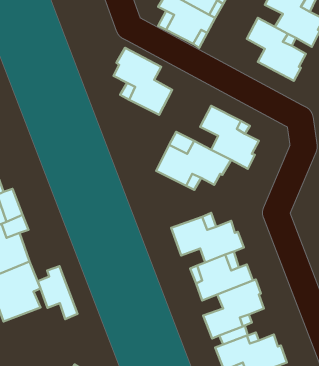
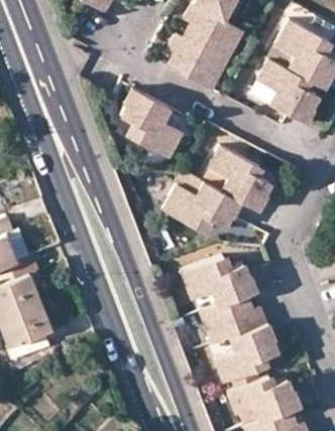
building: [38,266,77,319] -> none

